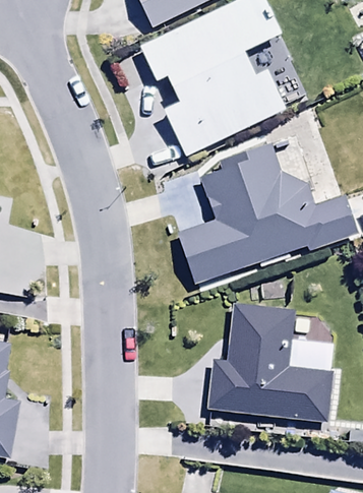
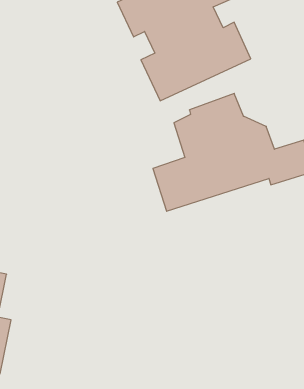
building: [206,305,330,419] -> none

